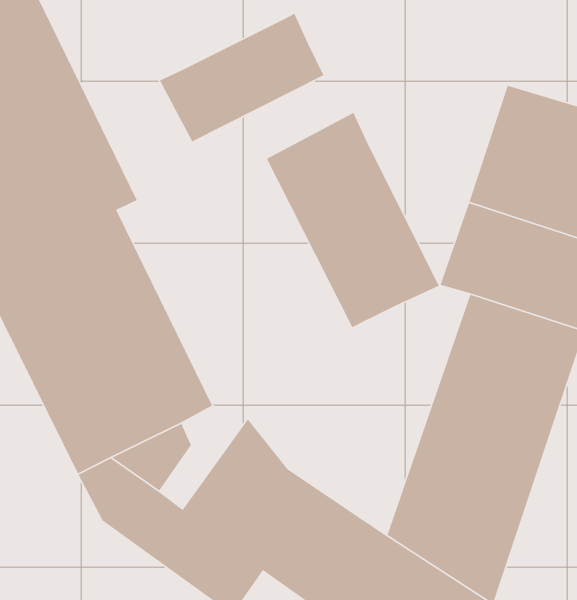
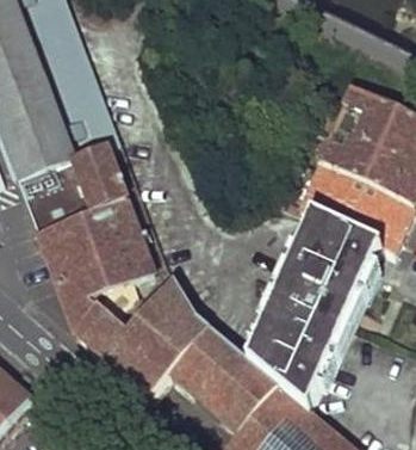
building: [159,13,325,143] -> none
building: [266,112,440,328] -> none

